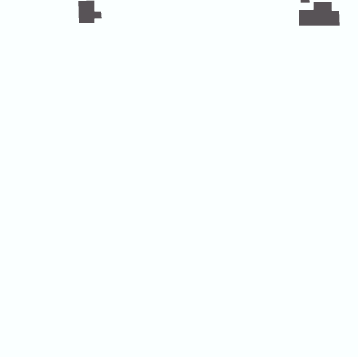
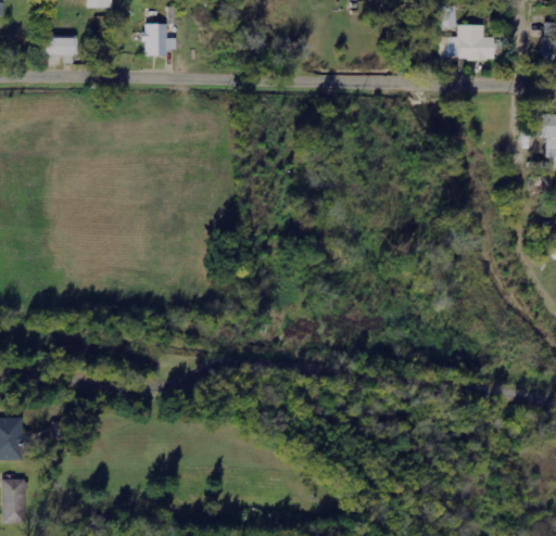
building: none -> [45,36,77,55]

